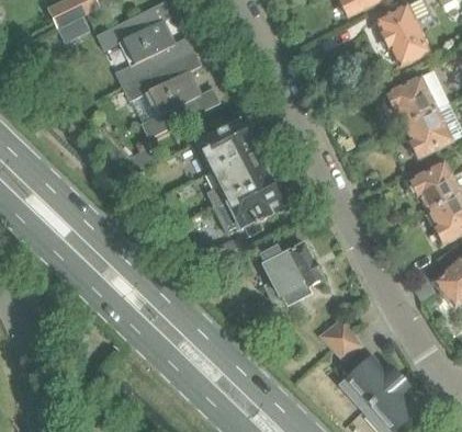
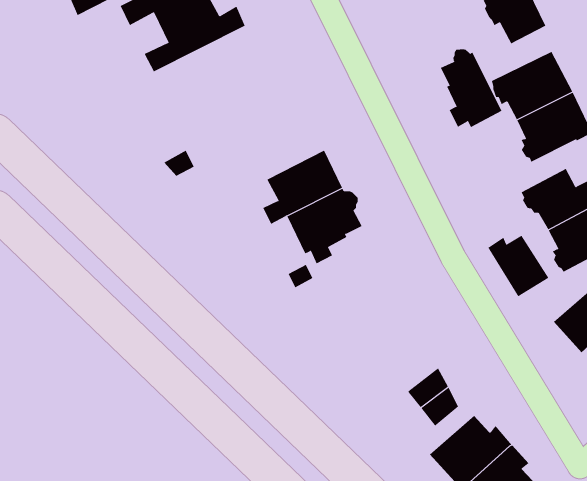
building: [123,49,221,137] -> none
building: none -> [440,48,502,128]
building: [196,117,256,169] -> none
building: none -> [487,235,549,297]
building: [262,242,322,303] -> none

